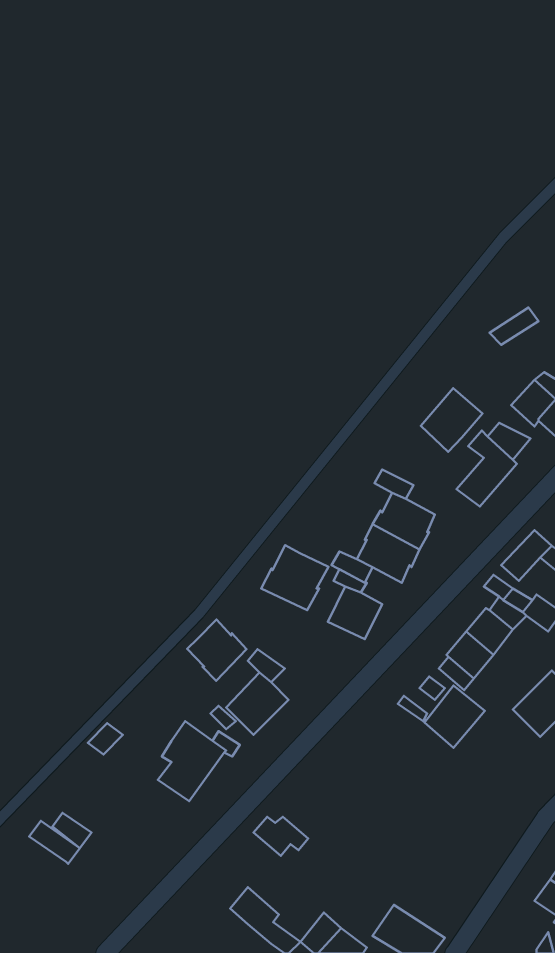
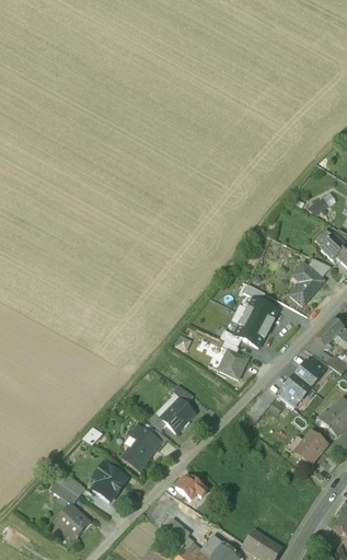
building: [421,388,482,452] -> none
building: [261,545,328,610] -> none
building: [187,619,246,681] -> none
building: [424,685,485,748] -> [293,429,327,464]
building: none -> [92,460,126,501]
building: none -> [54,503,90,539]

